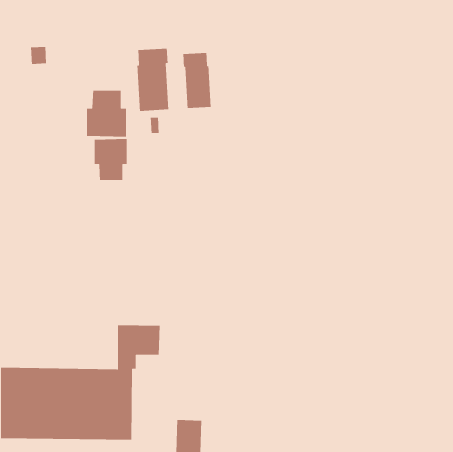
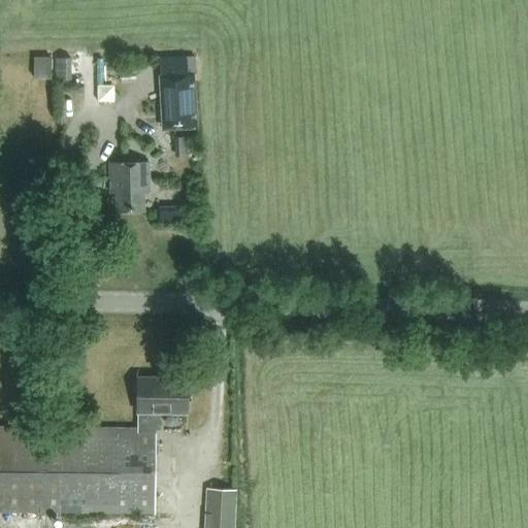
building: [182,52,212,109] -> none
building: [86,90,127,138] -> none

